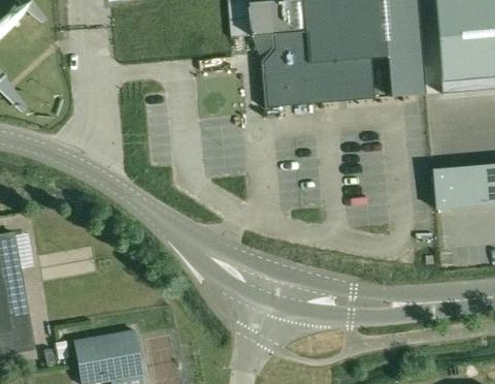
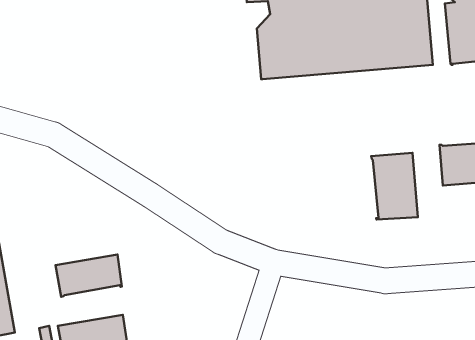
building: none -> [371,153,418,220]
building: none -> [56,255,122,297]

